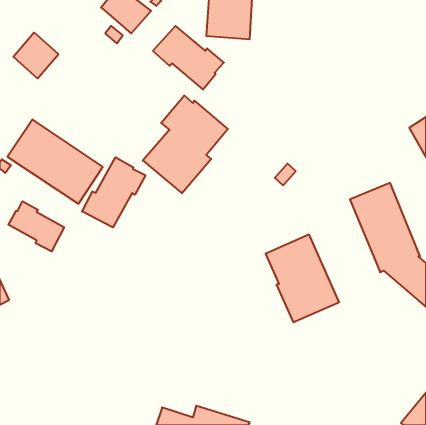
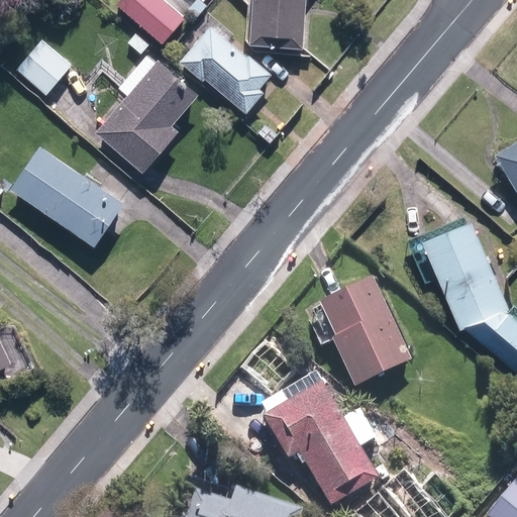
building: [143,96,228,193] -> [96,54,199,172]
building: [82,157,145,227] -> none
building: [8,201,64,251] -> none
building: none -> [262,385,379,507]

